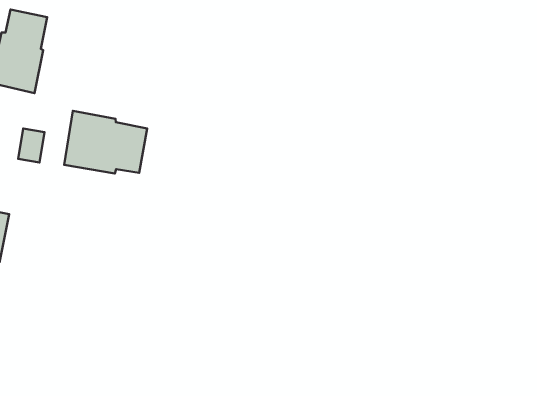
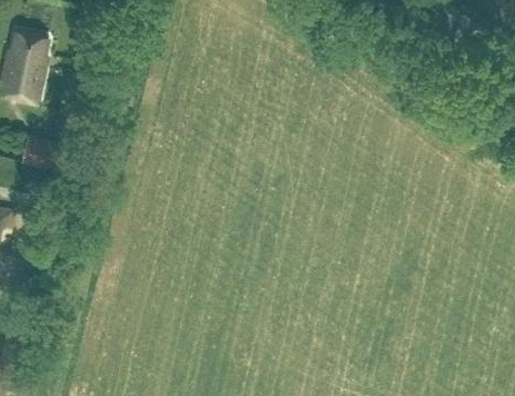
building: [64,111,147,173] -> none

